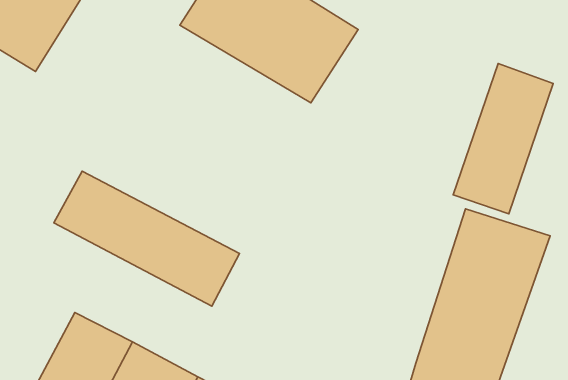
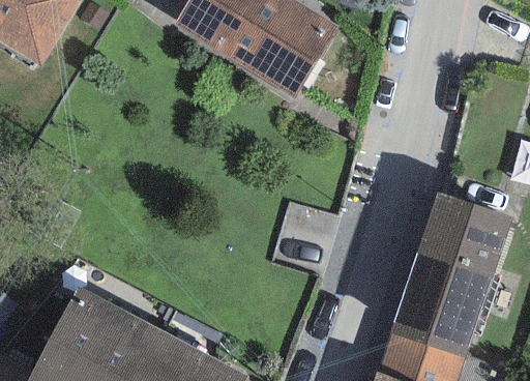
building: [453,64,553,214] -> none
building: [54,171,240,306] -> none

